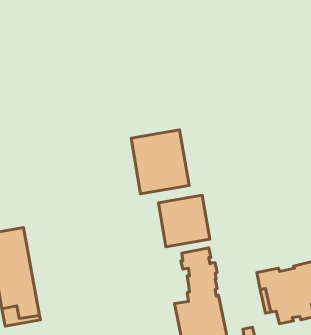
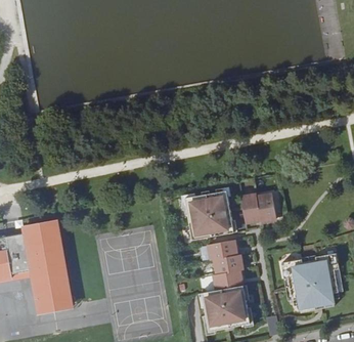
building: [131,130,189,194] -> none
building: none -> [241,191,276,223]

